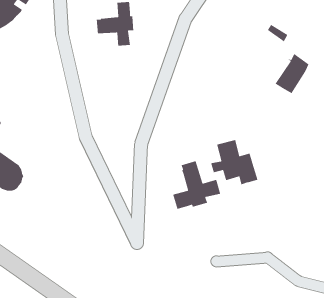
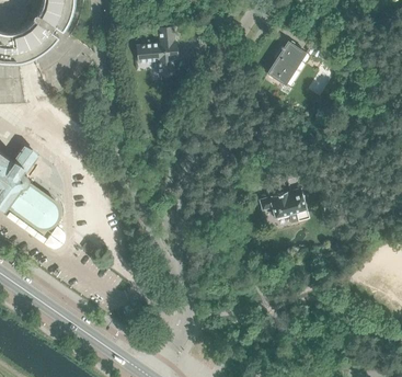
building: [274,53,309,94] -> [266,42,303,85]
building: [172,160,221,210] -> none

